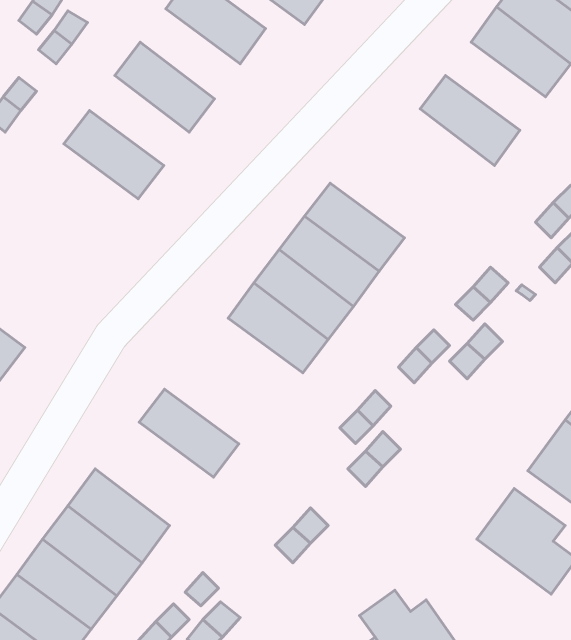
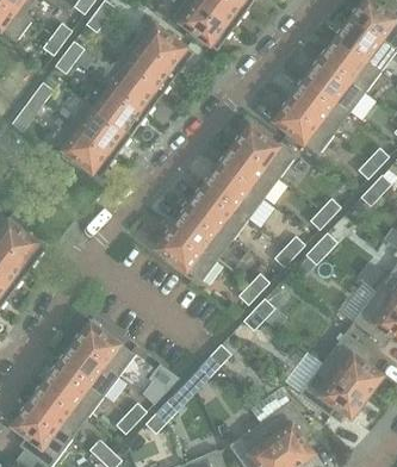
building: none -> [116,41,176,95]
building: none -> [302,61,362,114]
building: none -> [85,81,145,136]
building: none -> [272,101,331,155]
building: none -> [52,123,114,178]
building: none -> [231,123,293,180]
building: [139,389,239,477] -> [154,229,215,282]
building: none -> [298,363,366,418]

